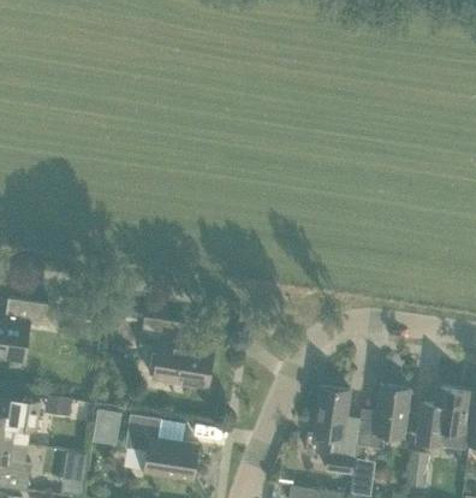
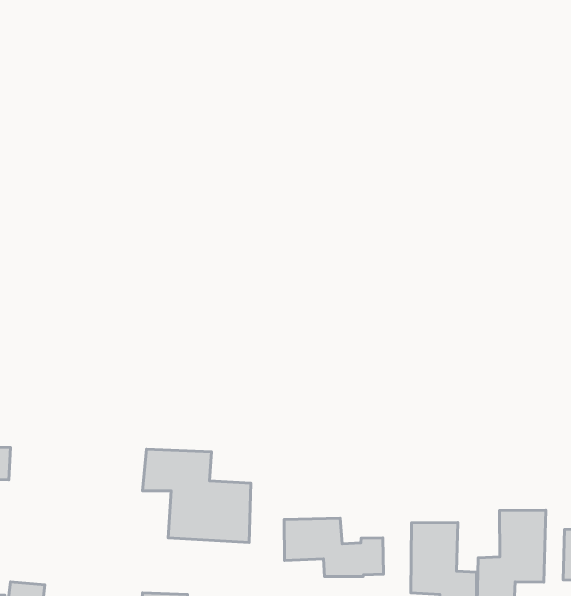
building: none -> [284,518,384,576]

